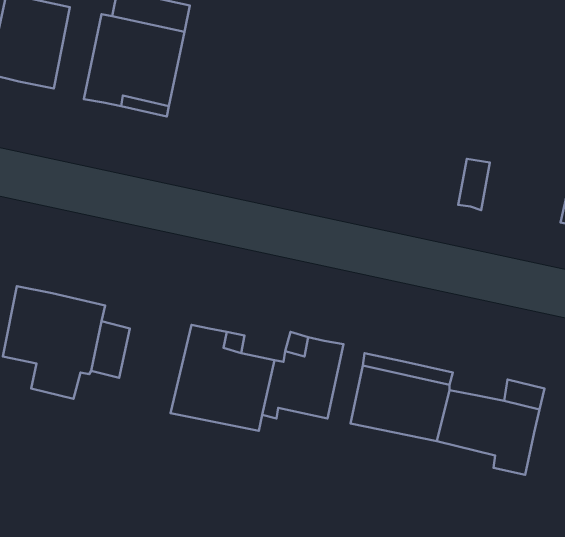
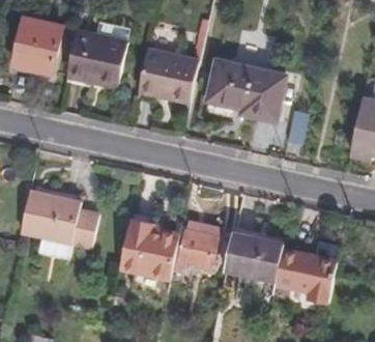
building: none -> [140,54,200,109]
building: none -> [207,64,285,122]

